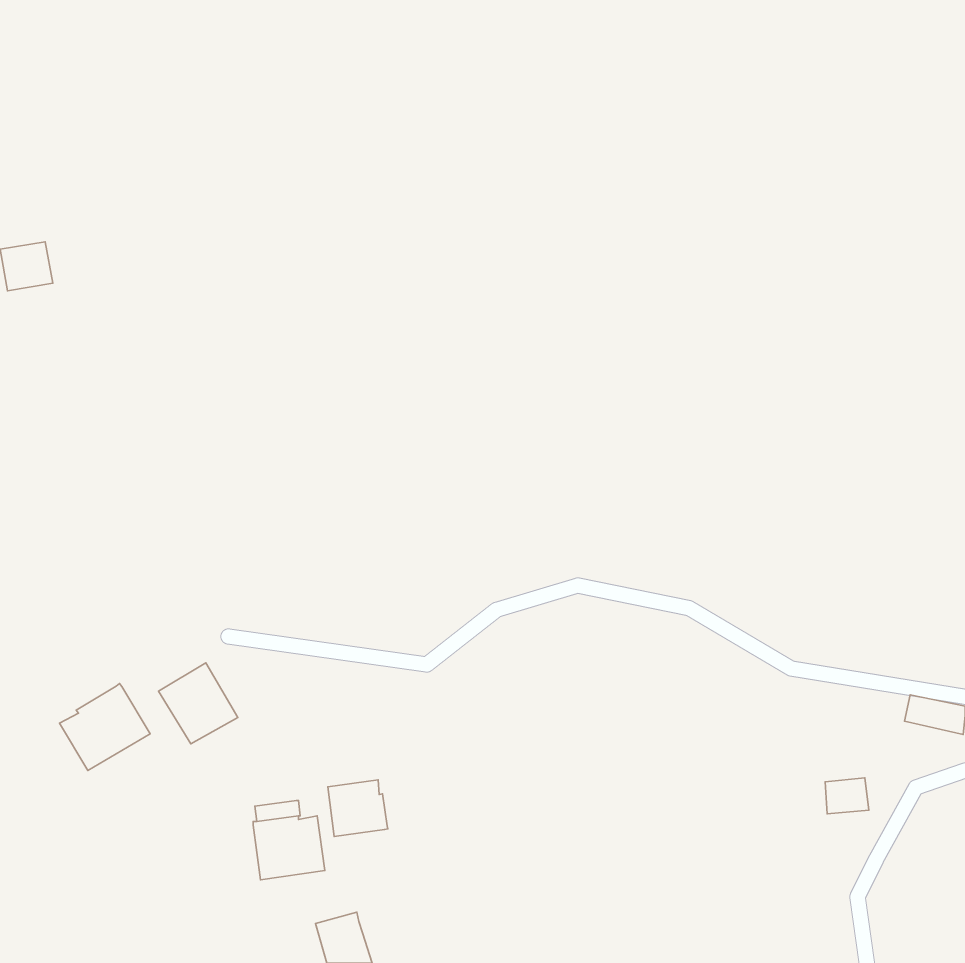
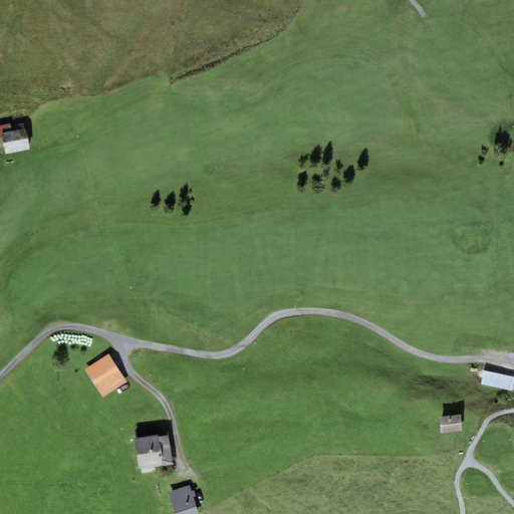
building: [60,684,150,770] -> none
building: [328,780,388,837] -> none

